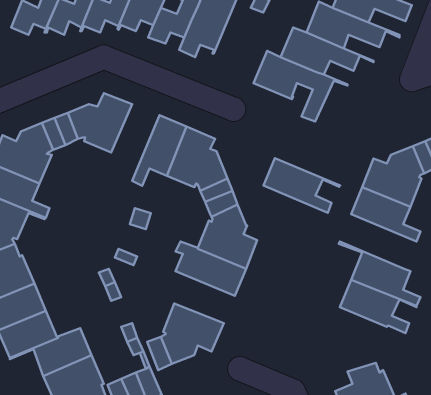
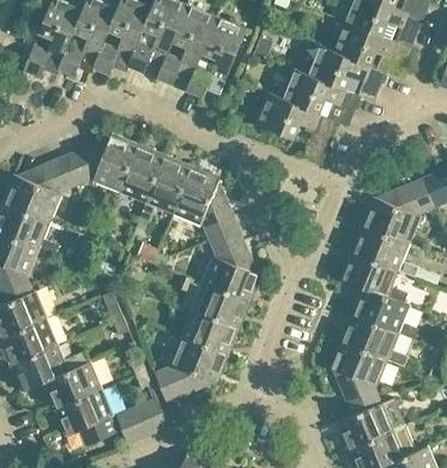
building: none -> [120,144,167,218]
building: [264,158,340,213] -> [342,251,416,304]
building: none -> [171,304,240,356]
building: none -> [330,341,387,403]

